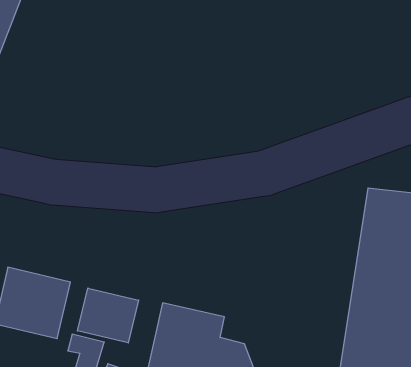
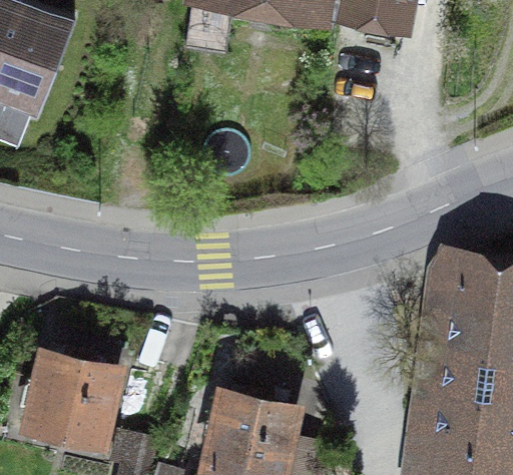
building: [77,288,139,343] -> none

